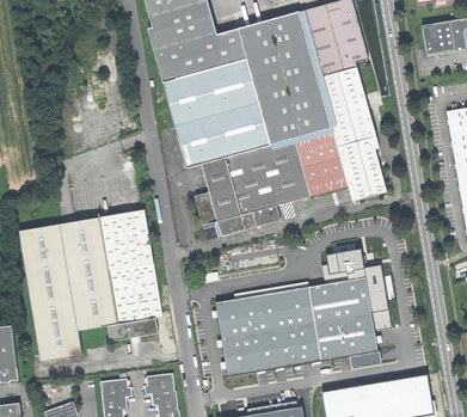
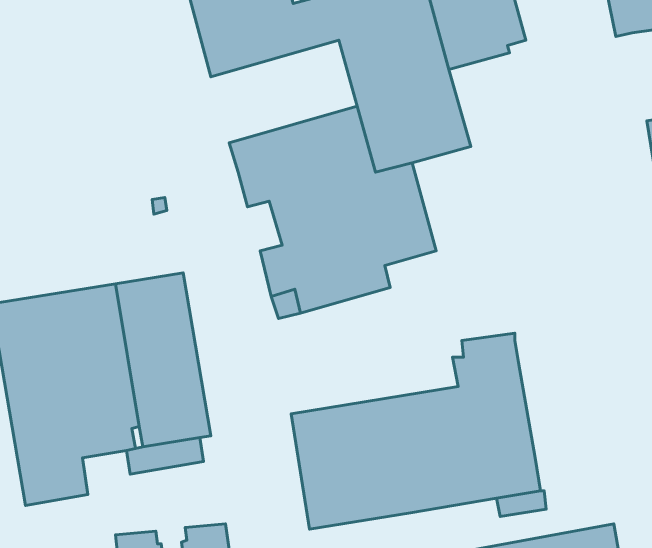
building: [162,57,258,124] -> none
building: [294,66,386,201] -> none
building: [363,264,391,330] -> none

